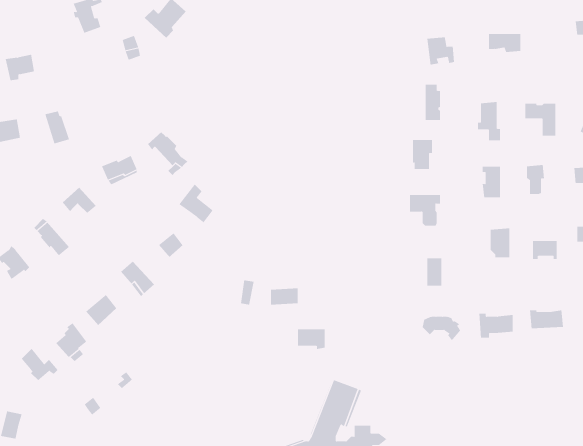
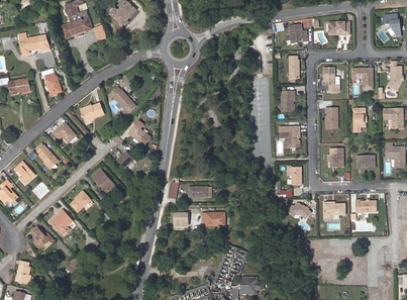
building: none -> [62,11,91,37]

